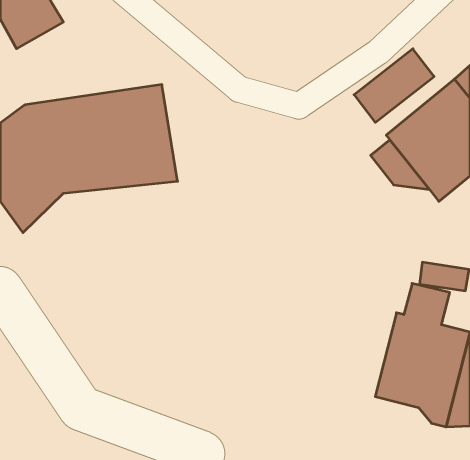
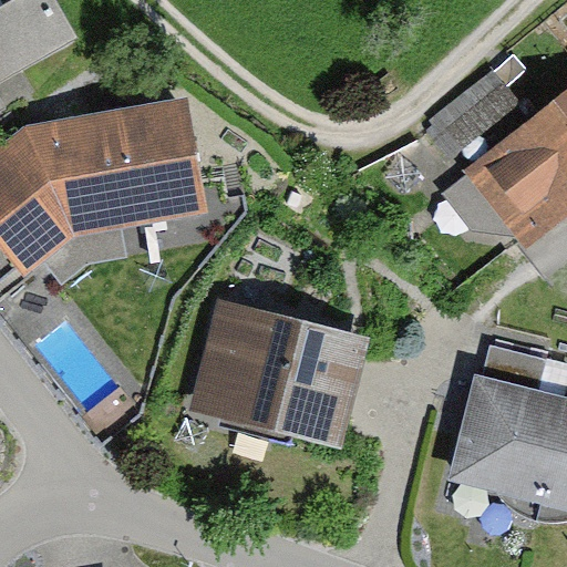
building: none -> [188,300,375,452]

